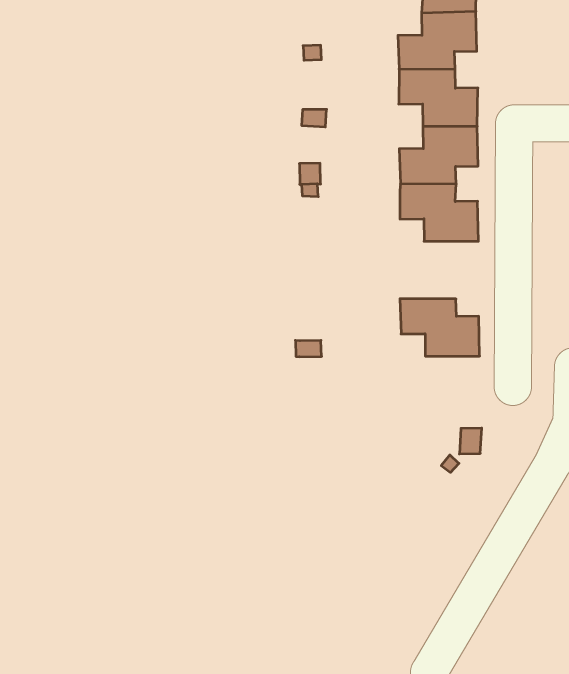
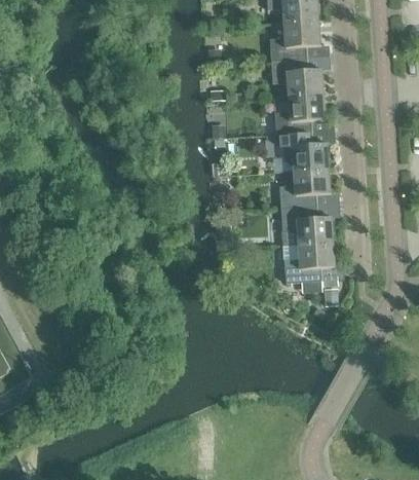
building: none -> [278,165,330,206]
building: none -> [282,239,334,280]

